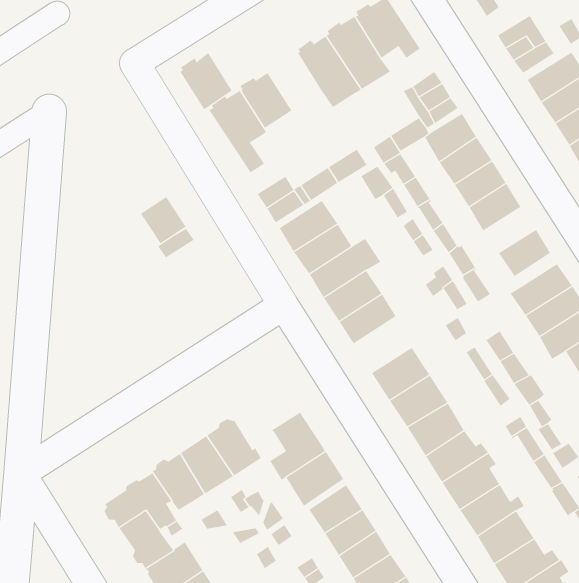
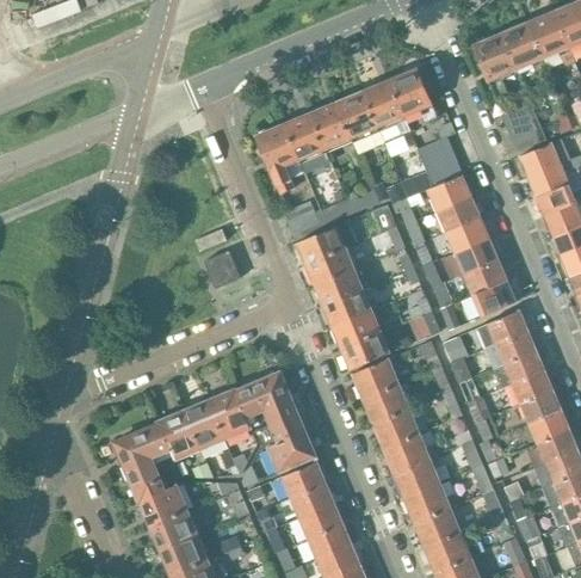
building: [180,52,233,110] -> [309,102,350,148]
building: [140,196,186,244] -> [204,251,240,289]
building: none -> [462,259,506,294]
building: none -> [340,331,389,369]
building: none -> [233,374,288,419]

